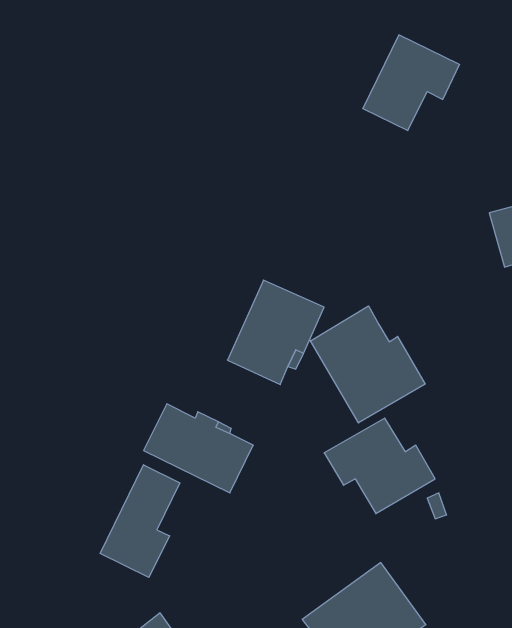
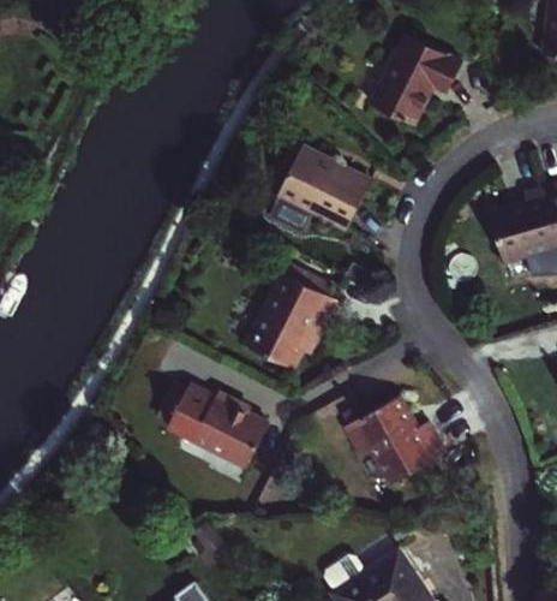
building: none -> [272,142,376,228]
building: [310,306,425,423] -> none
building: [100,465,180,577] -> none

